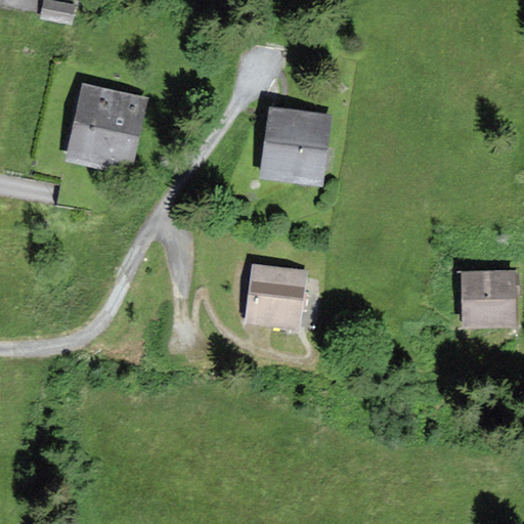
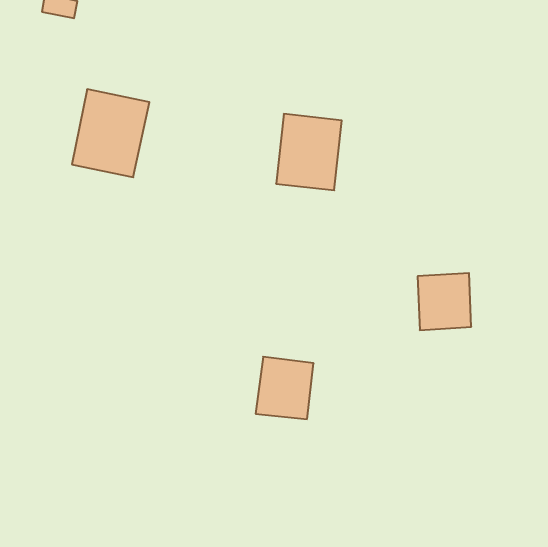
building: [247,264,302,323] -> [256,357,314,419]
building: [464,270,515,324] -> [418,273,471,330]

